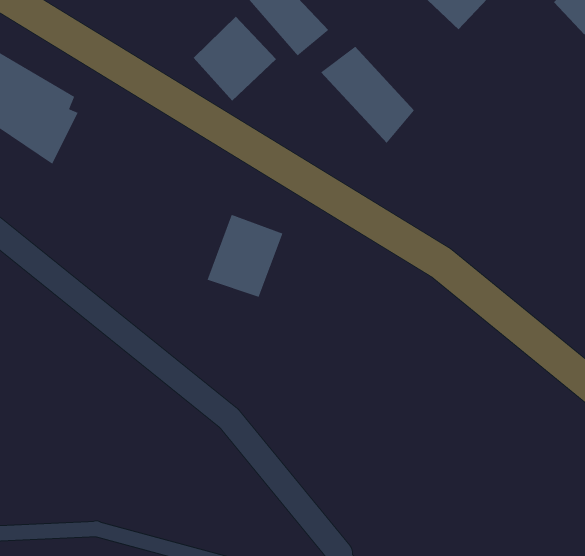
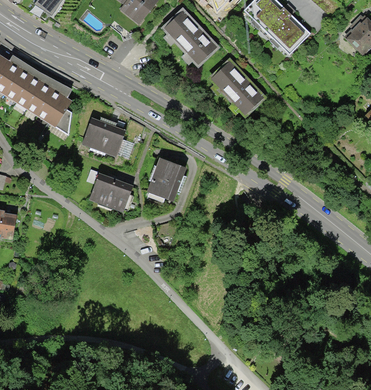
building: [193,16,277,102] -> none
building: none -> [82,117,125,158]
building: none -> [89,170,133,212]

